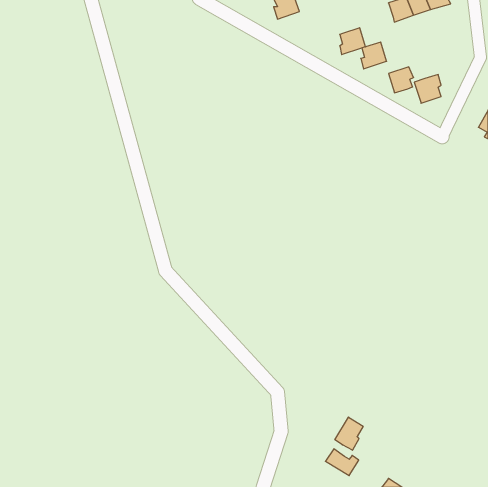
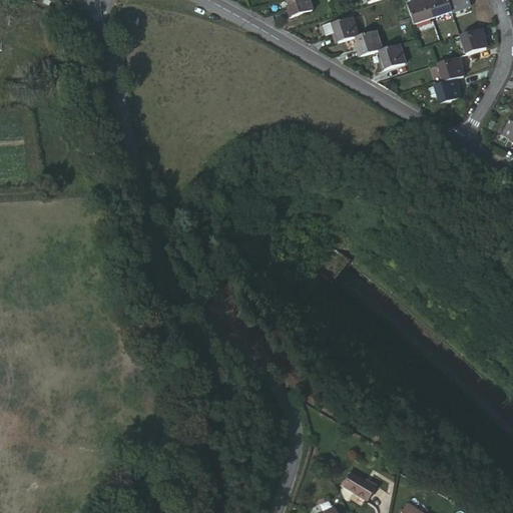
building: none -> [331,16,359,44]
building: none -> [459,25,486,54]
building: [389,67,414,93] -> [439,55,465,82]
building: [335,417,363,450] -> none

